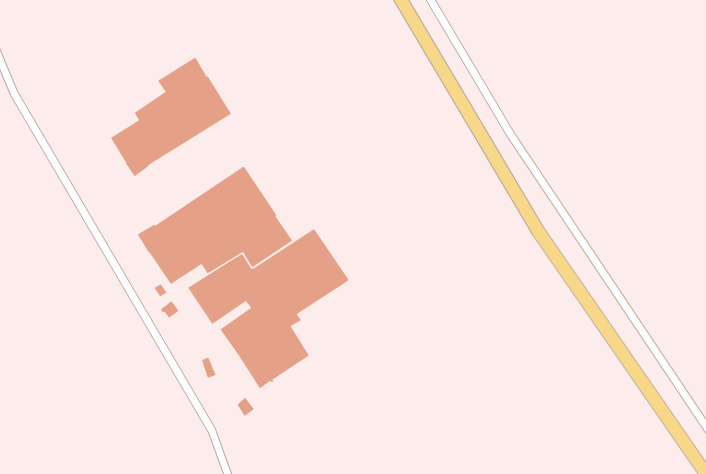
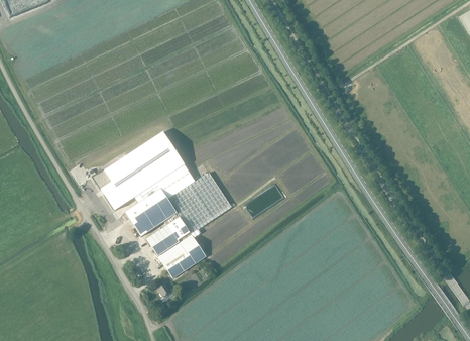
building: [110,57,232,177] -> none

